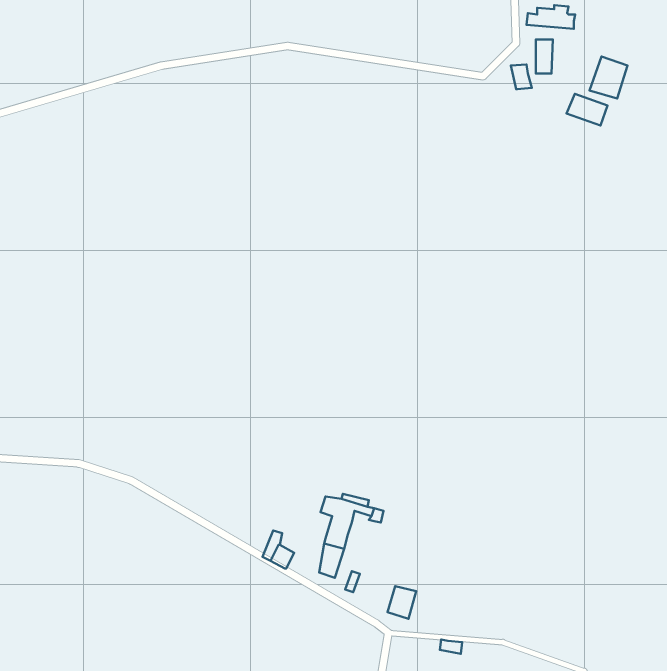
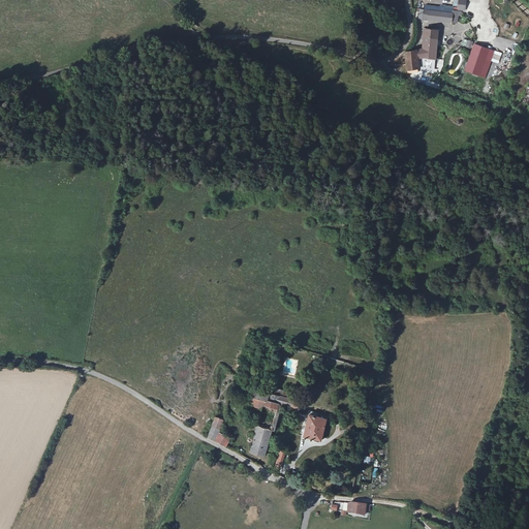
building: [566,94,607,125] -> none
building: [387,586,416,619] -> [304,414,326,440]

